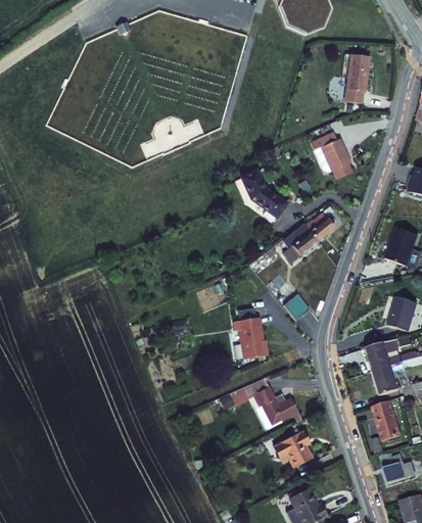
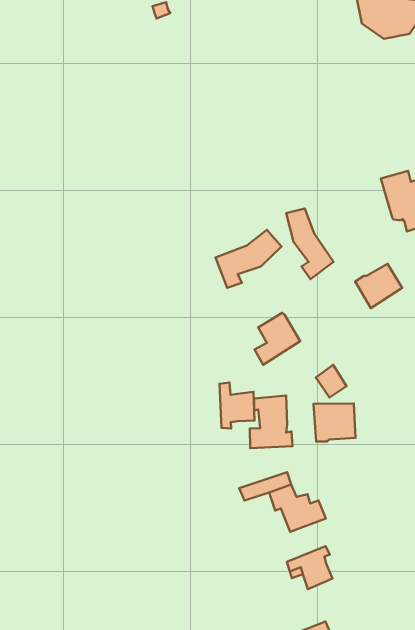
building: none -> [216,230,281,288]
building: [281,222,316,264] -> [254,313,300,365]
building: none -> [219,382,255,428]
building: none -> [314,403,355,442]

